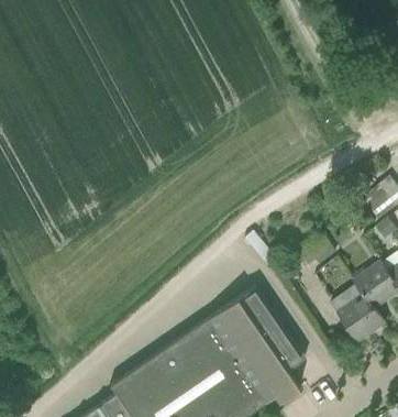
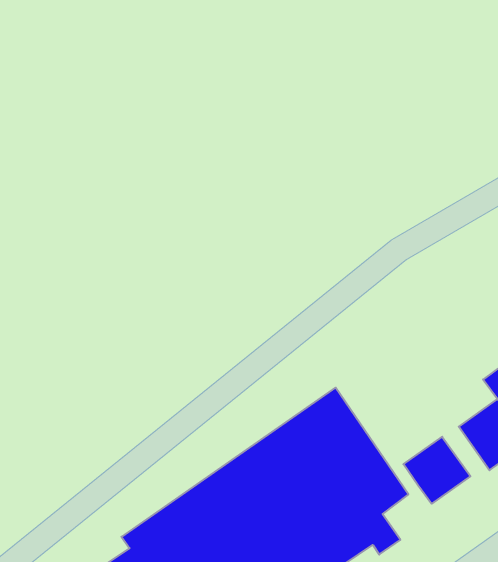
building: none -> [403,437,470,504]

